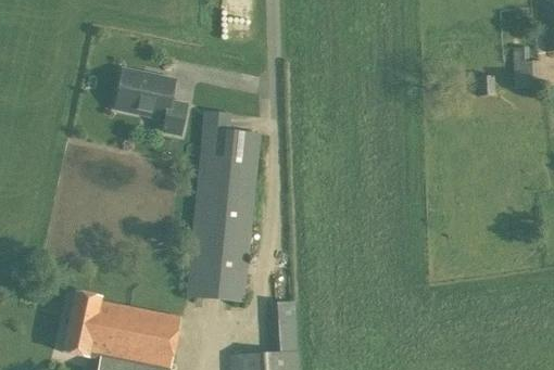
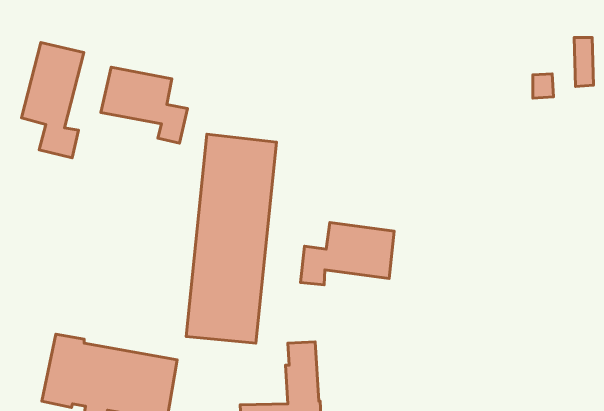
building: none -> [21,43,84,158]
building: none -> [300,222,394,285]

